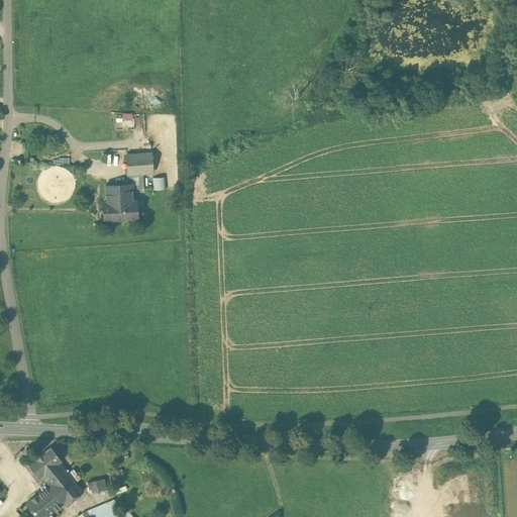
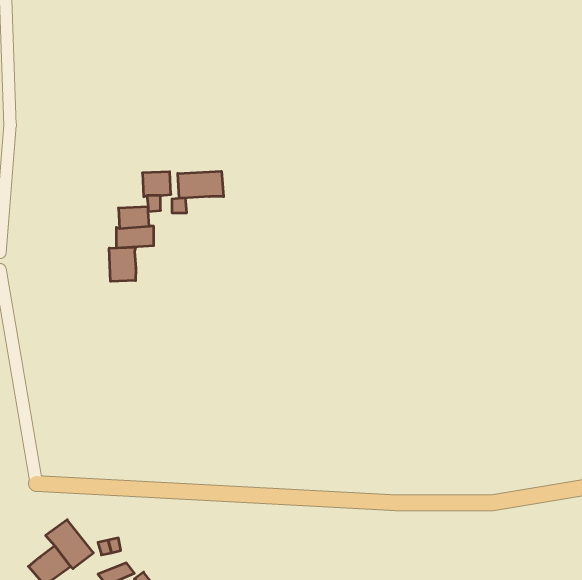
building: none -> [178,171,224,198]
building: none -> [109,247,136,281]
building: [27,447,62,479] -> none

